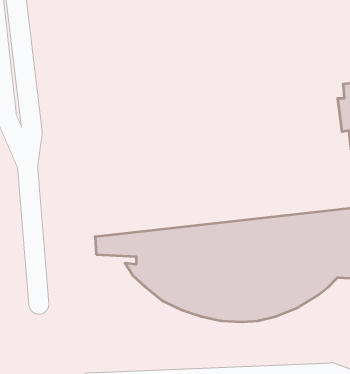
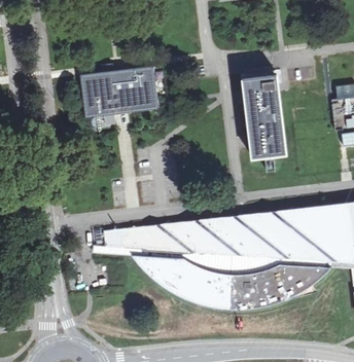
building: none -> [80,68,156,117]
building: none -> [244,75,283,157]

